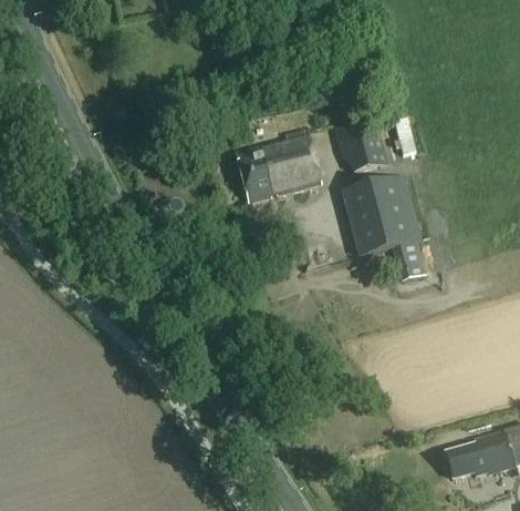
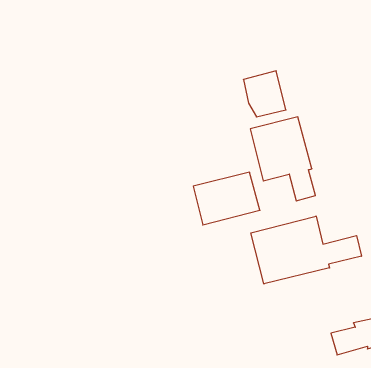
building: [237,133,322,201] -> [193,172,260,225]
building: none -> [251,216,361,284]

